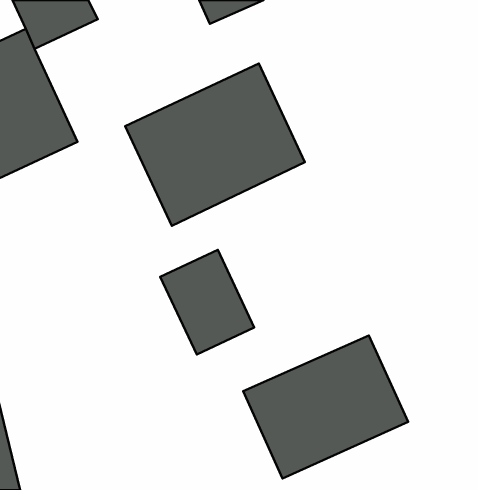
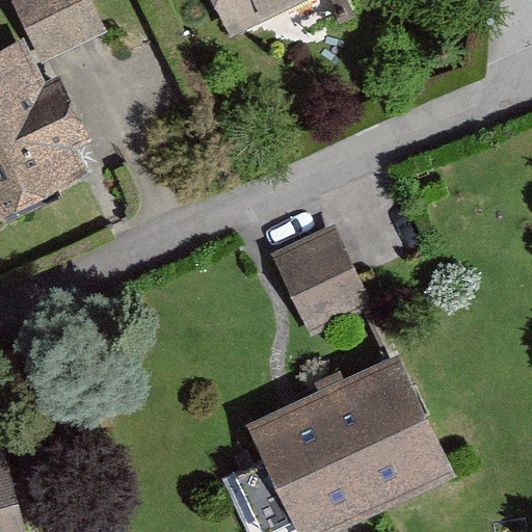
building: [125,64,305,226] -> none
building: [160,250,254,354] -> [262,230,364,343]

